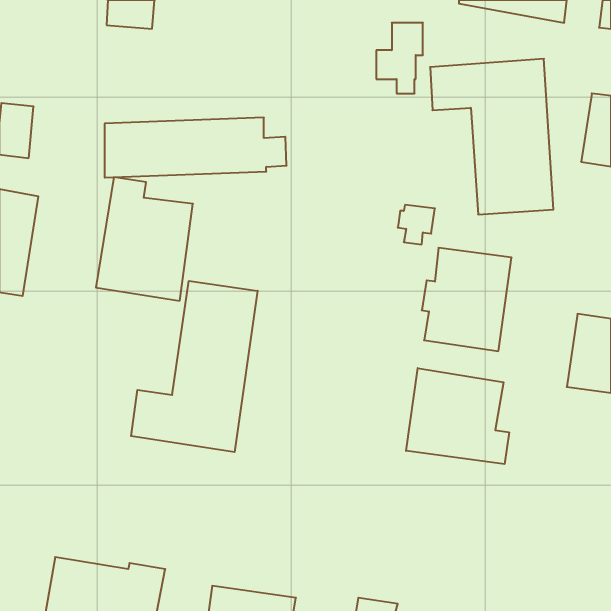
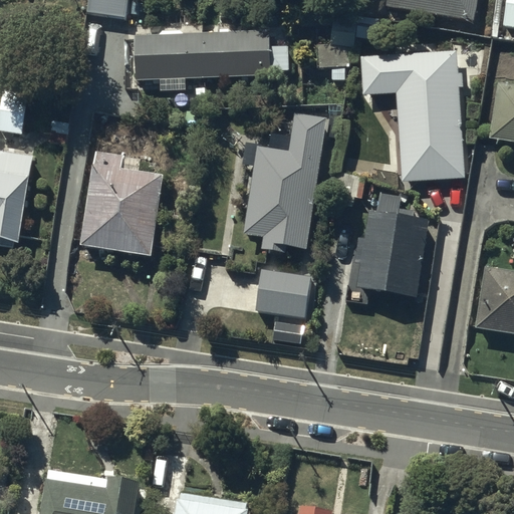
building: [105,118,287,178] -> [135,29,287,79]
building: none -> [245,111,325,249]
building: [131,281,258,452] -> none
building: none -> [255,269,310,318]
building: [406,368,509,464] -> none

